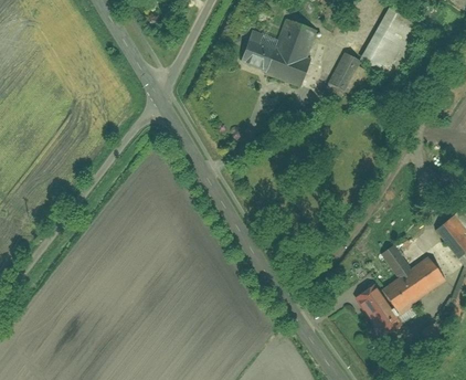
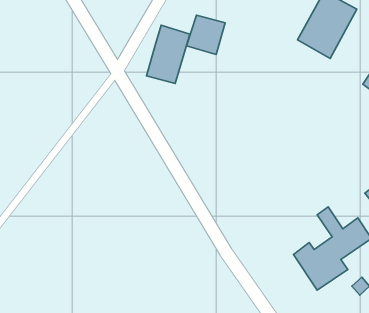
building: [269,18,318,83] -> [146,25,190,84]
building: [329,51,359,85] -> none

